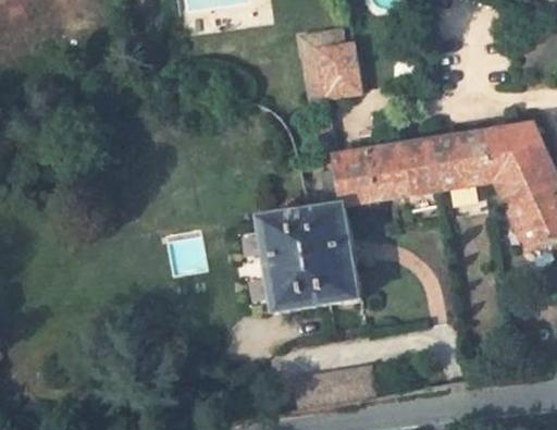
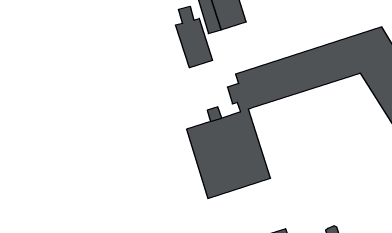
building: none -> [176,6,213,68]

